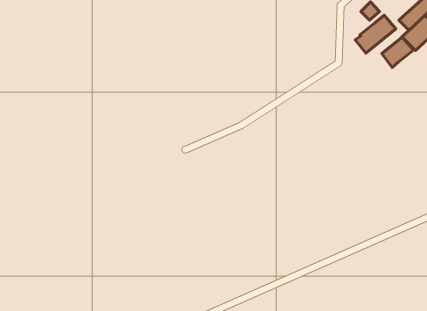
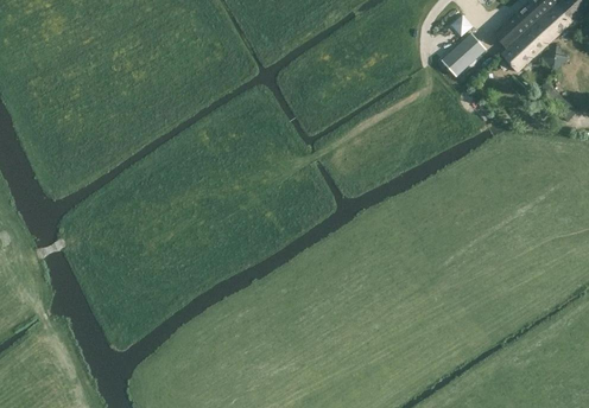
building: [382,37,413,67] -> none

